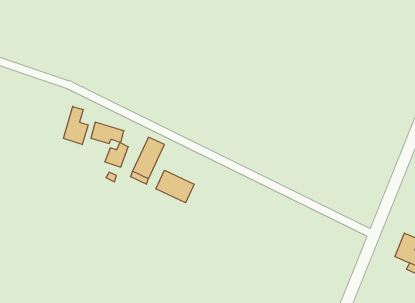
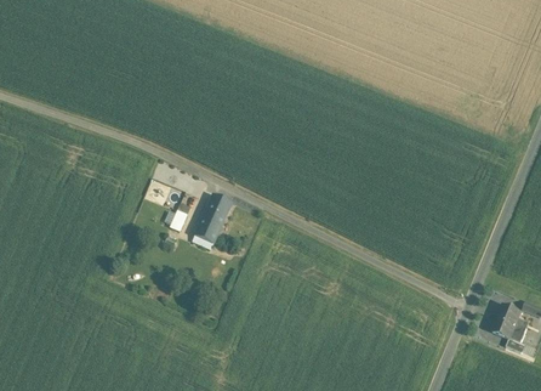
building: [63,106,88,145] -> none
building: [156,170,194,203] -> none

